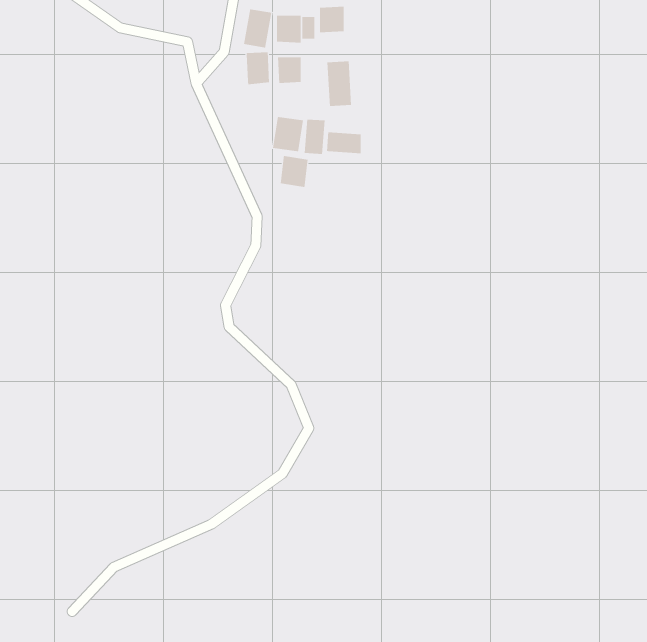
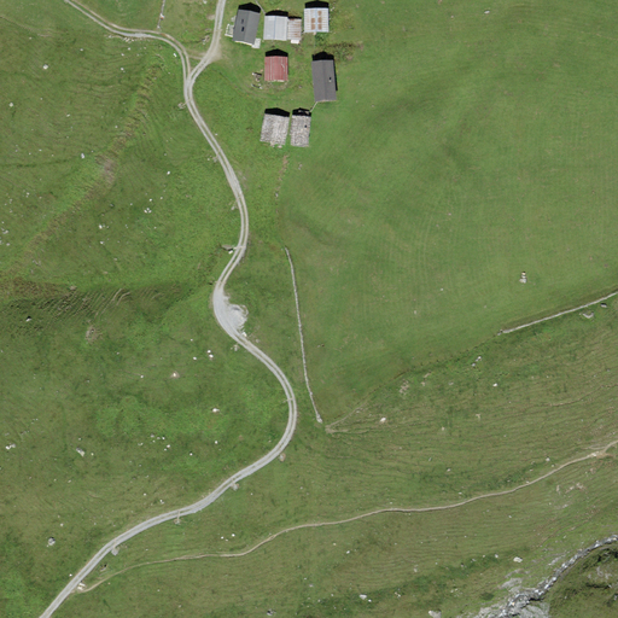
building: [246,51,269,85] -> none
building: [326,131,361,154] -> none
building: [280,155,308,188] -> none

